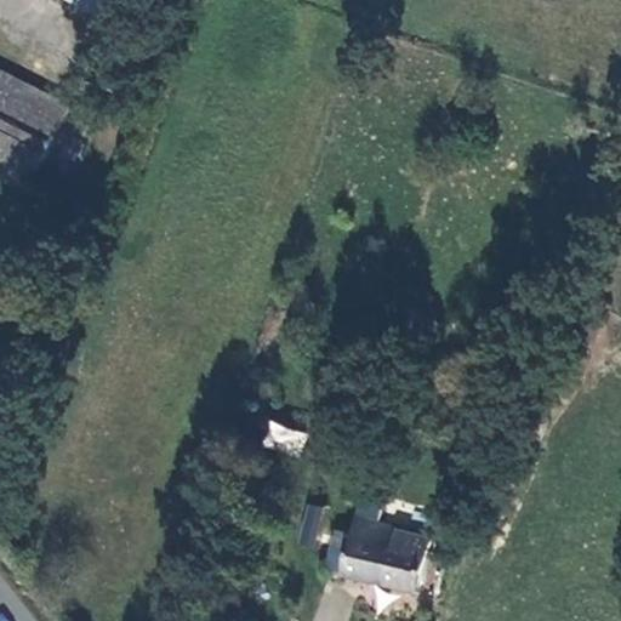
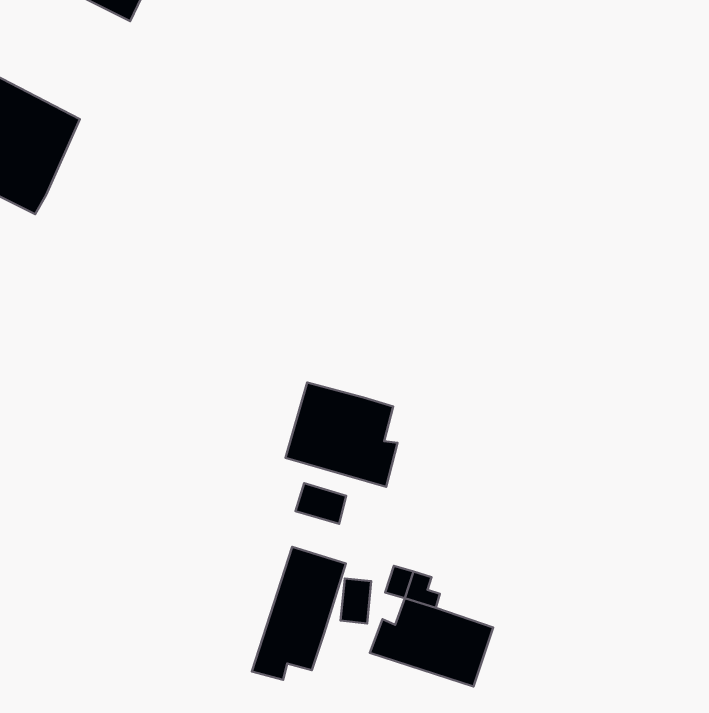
building: none -> [286,382,397,487]
building: none -> [252,547,346,680]

